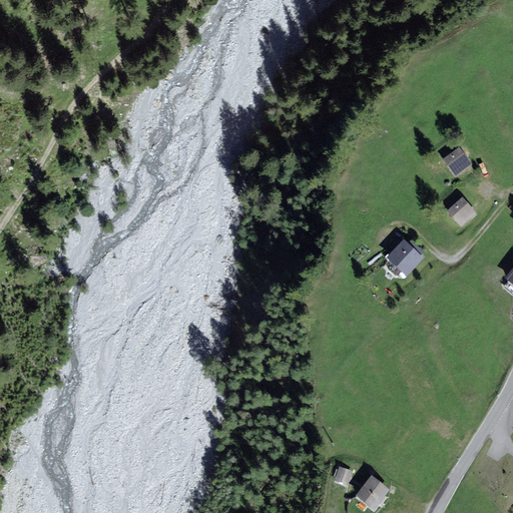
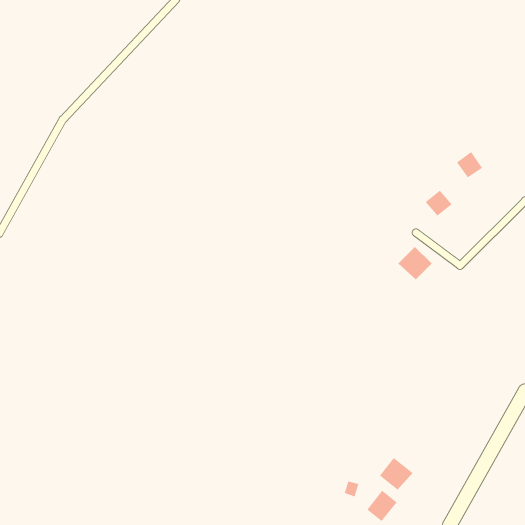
building: [448,198,475,224] -> [425,190,452,217]
building: none -> [379,457,413,490]

